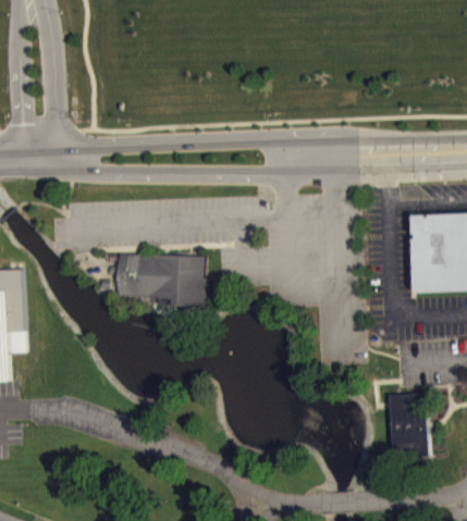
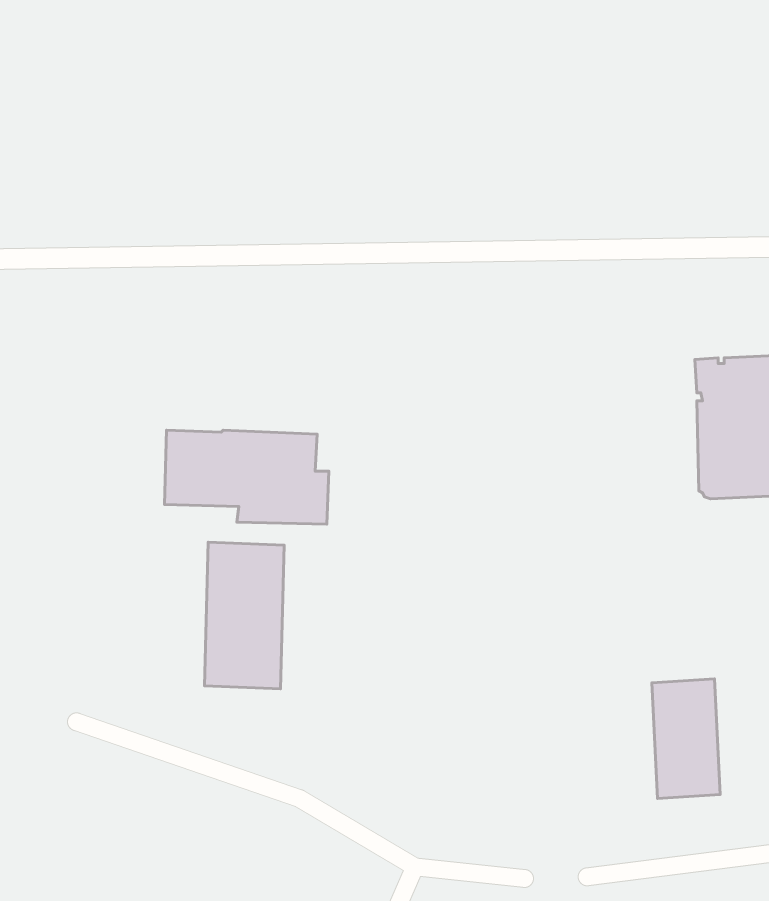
building: none -> [205,542,284,689]

